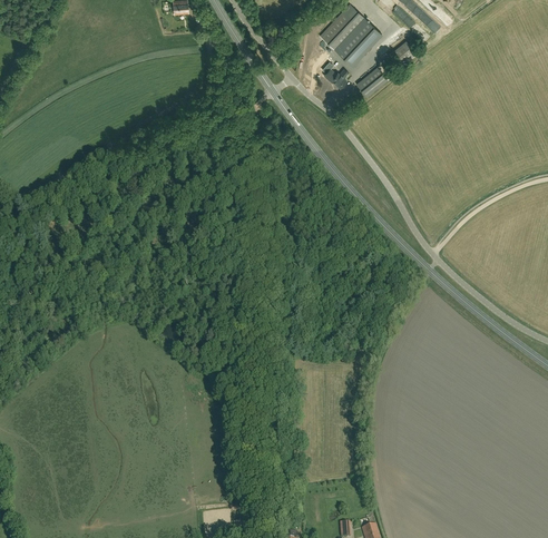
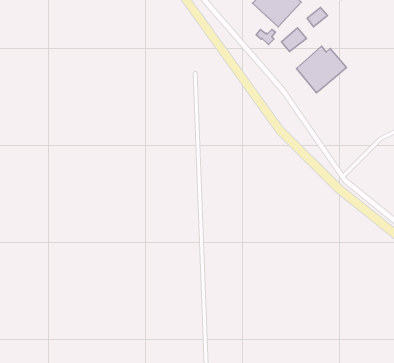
building: none -> [296,46,347,93]

